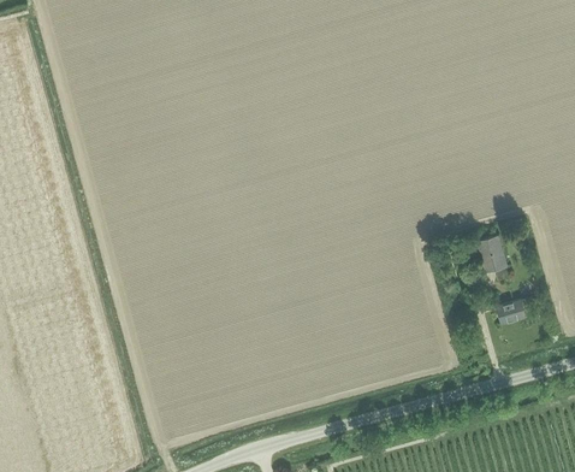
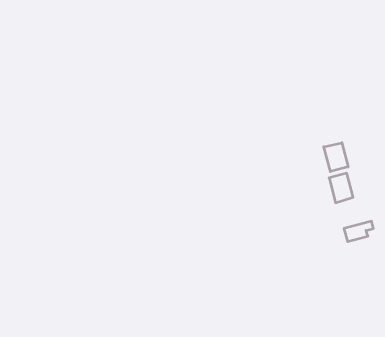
building: none -> [324,143,348,172]

